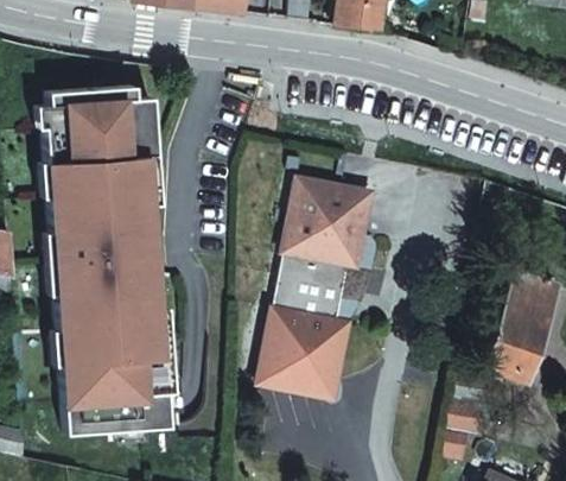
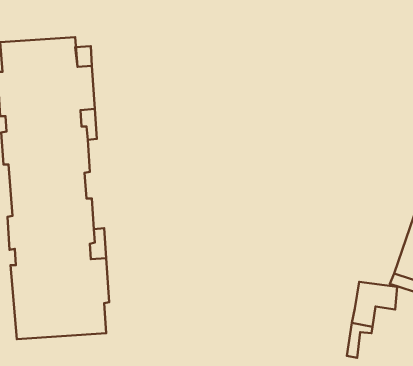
building: [260,181,373,398] -> none

